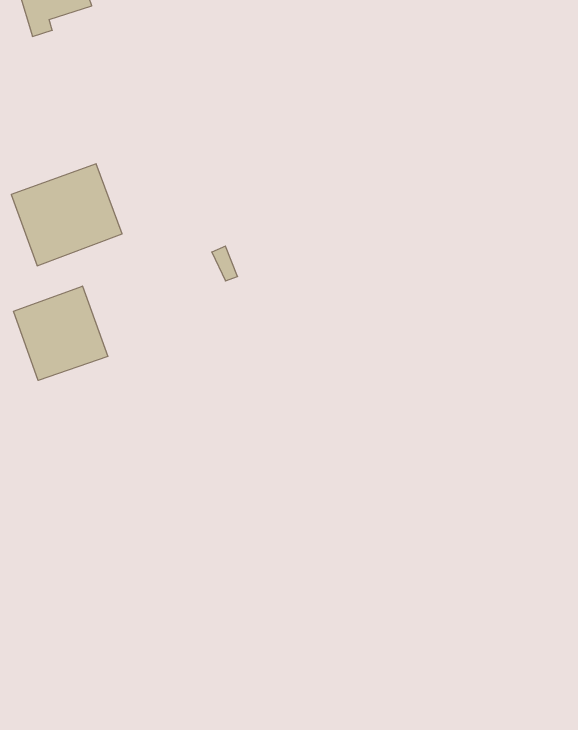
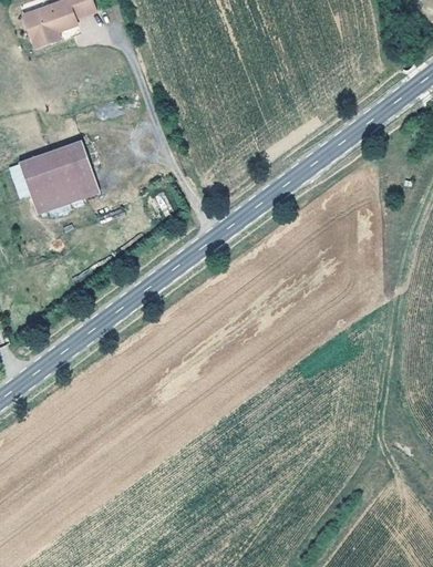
building: [14,286,108,380] -> none

